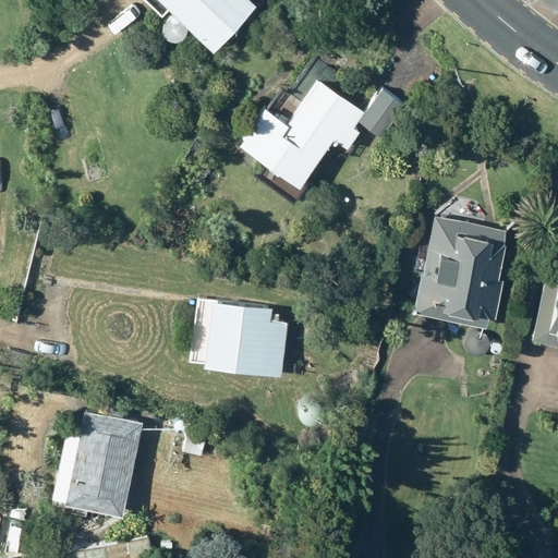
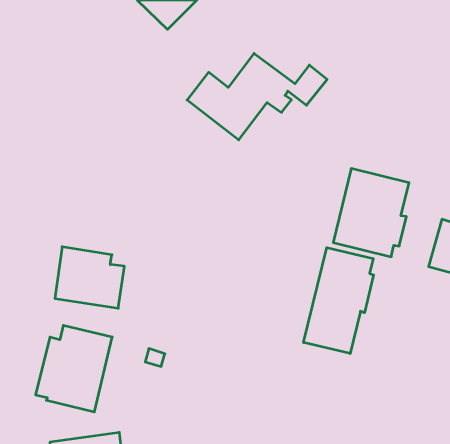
building: [204,302,289,377] -> [55,247,124,308]
building: none -> [304,248,374,354]

